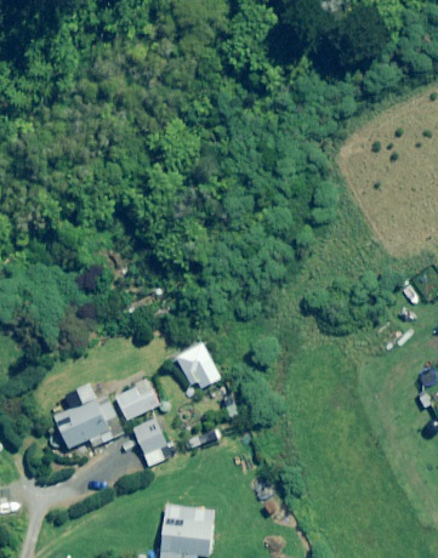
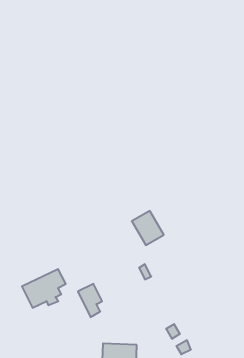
building: [176,343,221,392] -> [132,211,164,245]
building: [116,388,160,420] -> none

